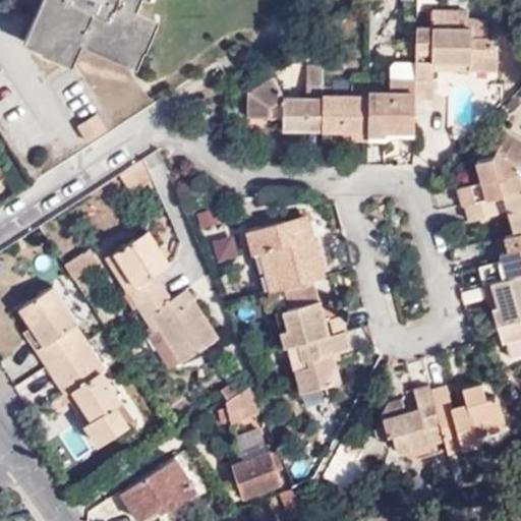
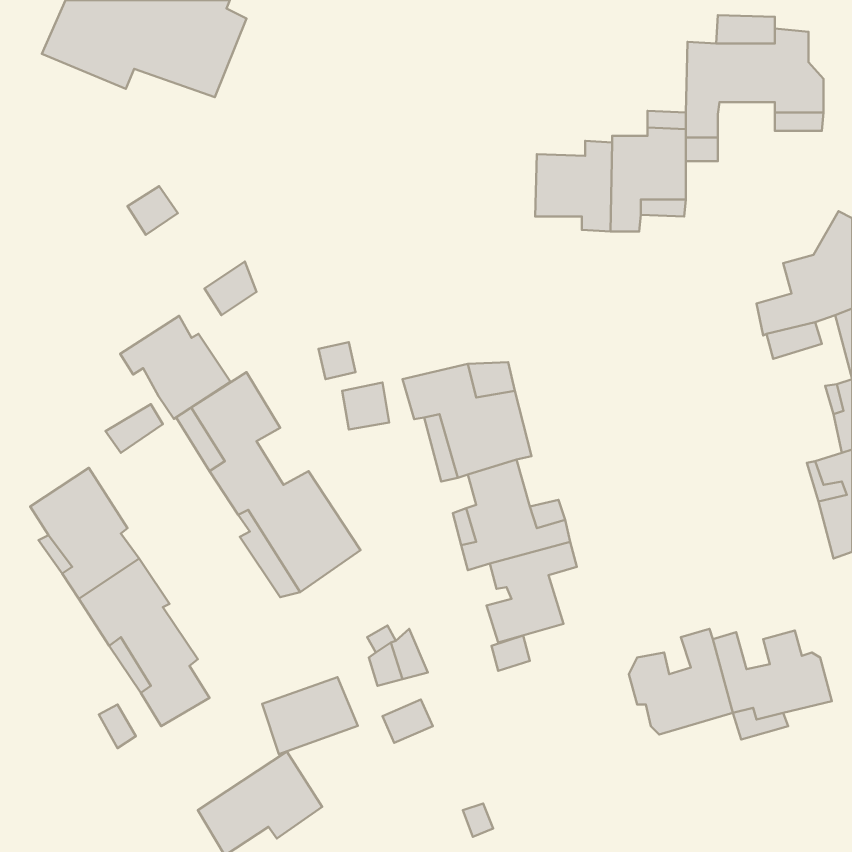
building: [251,68,326,134] -> none
building: none -> [120,316,231,419]
building: [232,453,290,500] -> [262,677,358,754]

